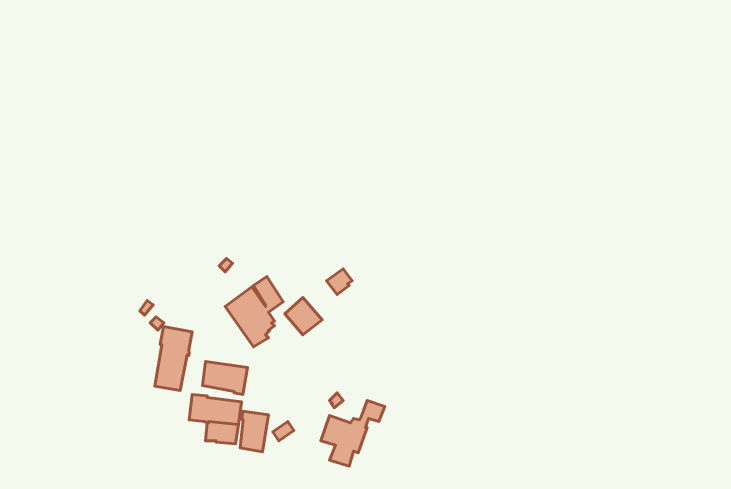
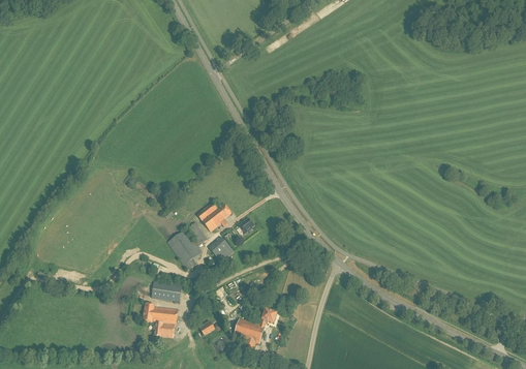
building: none -> [196,202,231,230]
building: [155,327,192,390] -> none
building: [240,411,269,452] -> none

